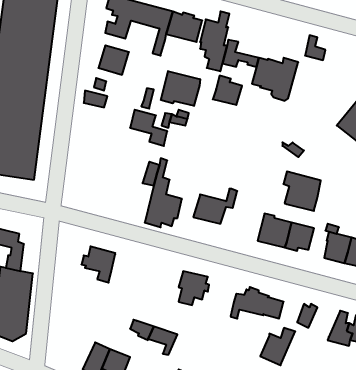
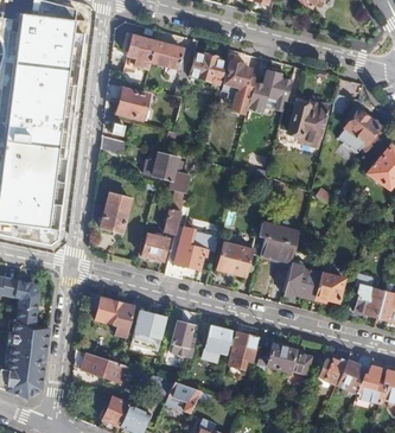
building: none -> [346,108,382,151]
building: [161,71,200,106] -> none
building: [213,76,242,105] -> [261,69,292,100]
building: none -> [94,191,132,231]
building: [283,171,321,211] -> [257,224,297,266]
building: none -> [142,233,170,260]
building: none -> [132,310,166,350]
building: none -> [170,319,197,356]
building: none -> [230,331,259,367]
building: none -> [75,348,135,383]
building: [260,328,295,365] -> [338,354,375,393]

